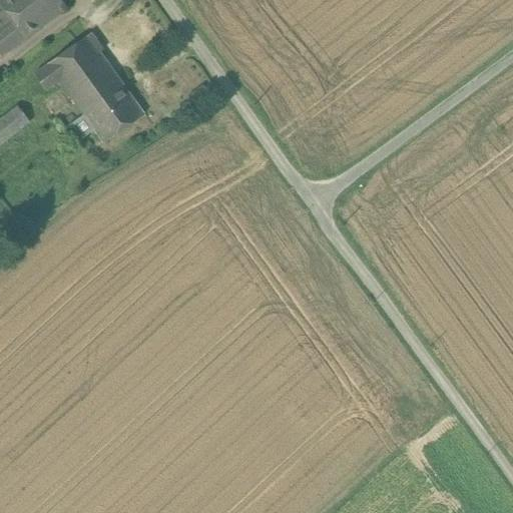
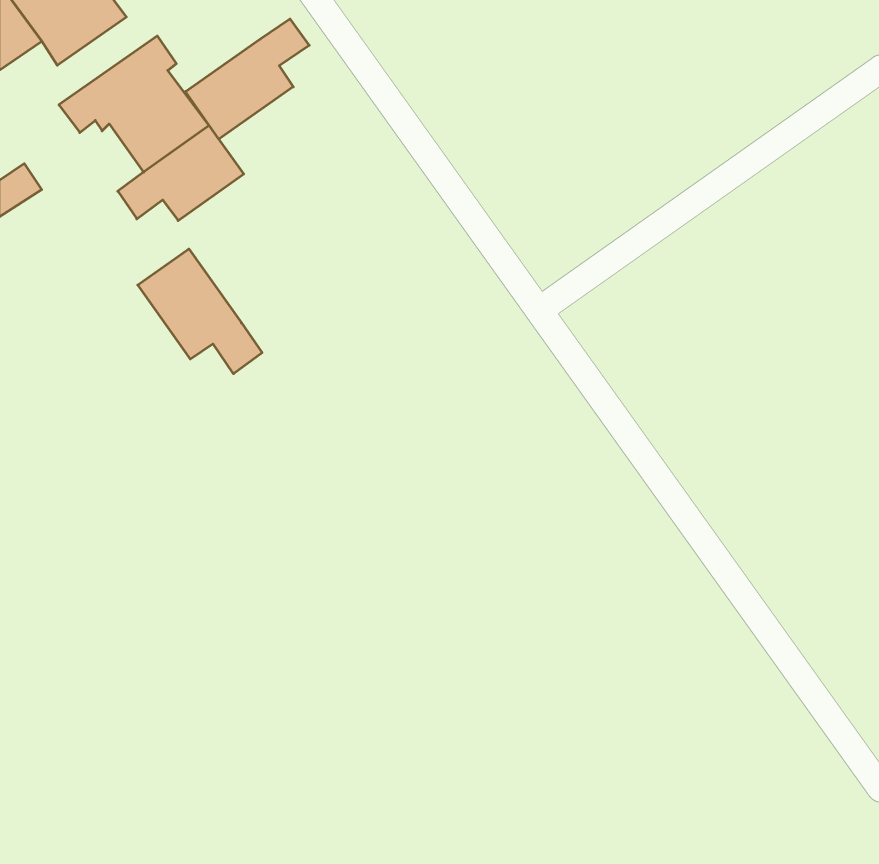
building: none -> [186,19,309,139]
building: none -> [138,249,262,374]

